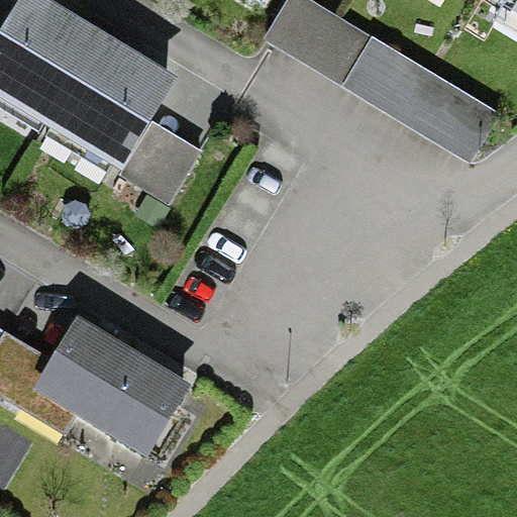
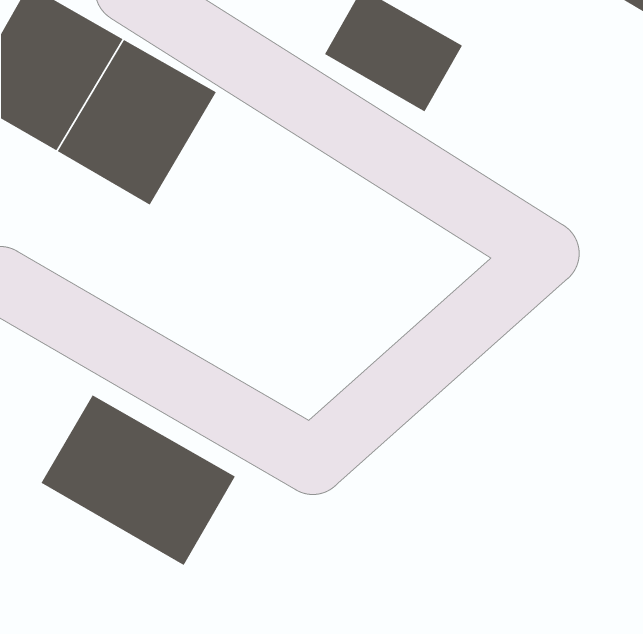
building: [341,36,502,163] -> none
building: [120,124,203,209] -> none

